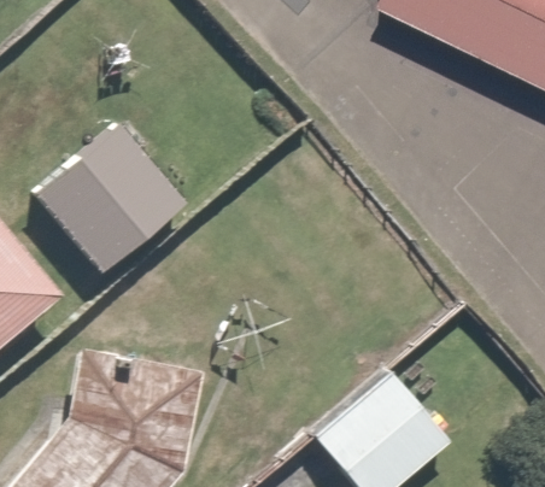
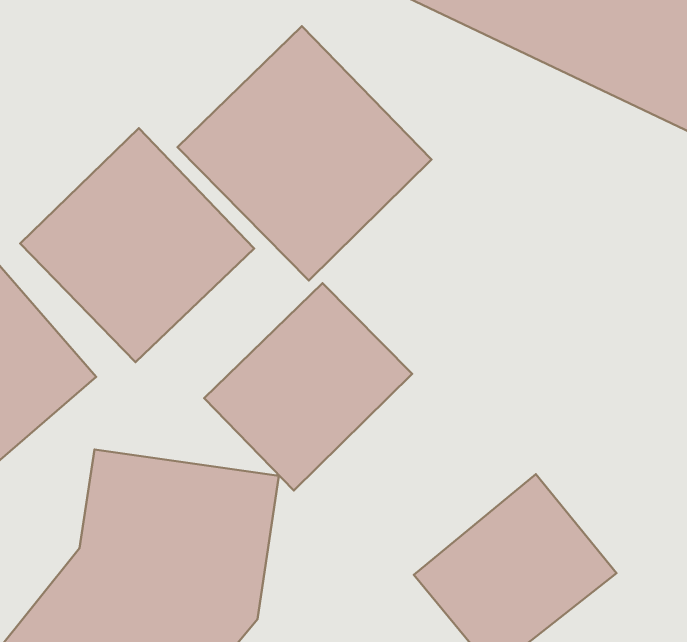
building: none -> [178,26,432,281]
building: none -> [204,283,412,490]

